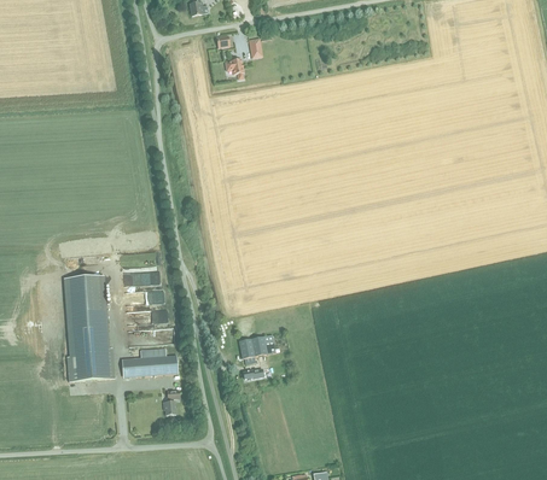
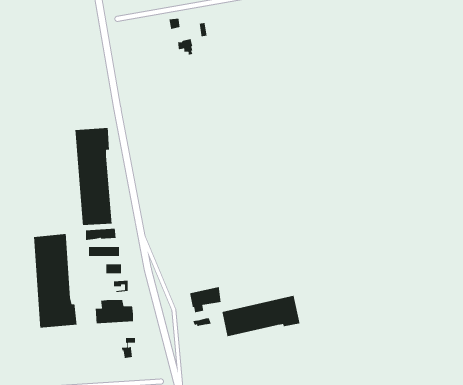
building: none -> [74,127,113,226]
building: none -> [222,295,300,337]

